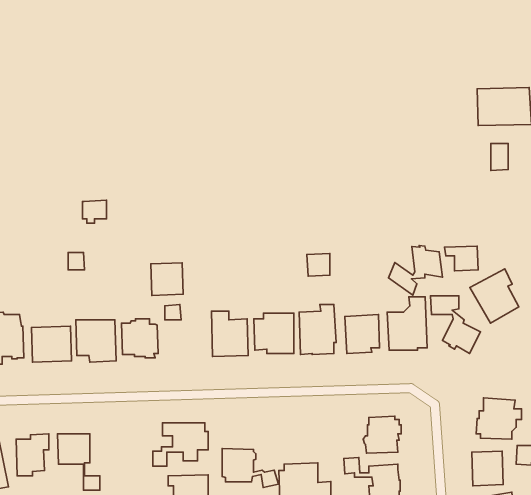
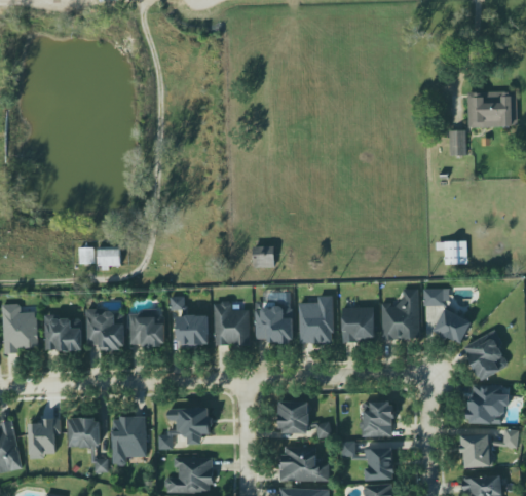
building: [491,144,508,171] -> [449,129,465,155]
building: [83,200,107,223] -> [98,247,120,269]
building: [388,246,442,295] -> none
building: [307,253,330,276] -> [253,245,274,267]
building: [151,263,183,295] -> [178,314,209,345]
building: [470,269,519,323] -> [462,330,509,381]
building: none -> [112,415,146,465]
building: [222,448,278,487] -> [278,400,332,437]

